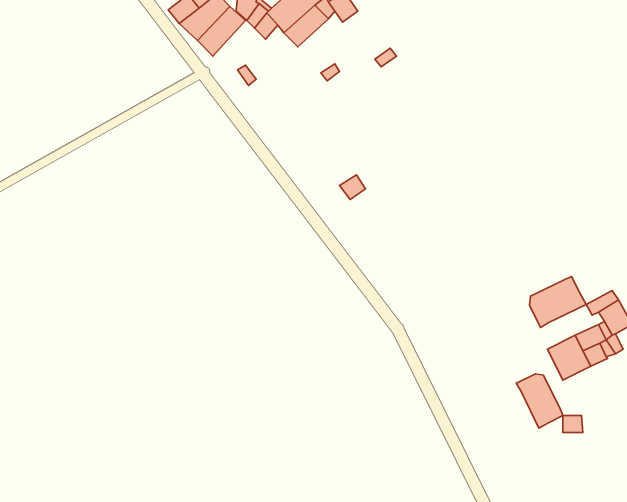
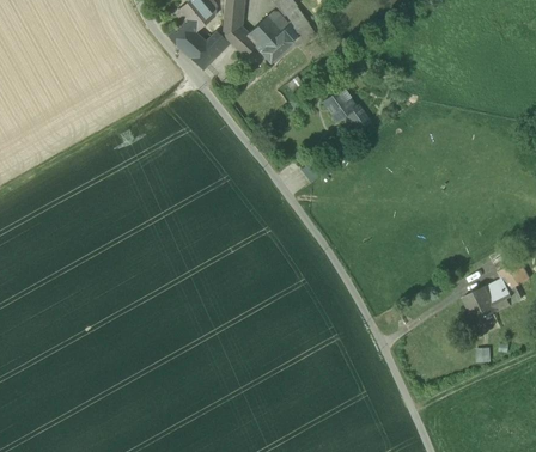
building: none -> [323,87,371,130]
building: [529,277,586,327] -> none
building: [516,374,563,428] -> none

